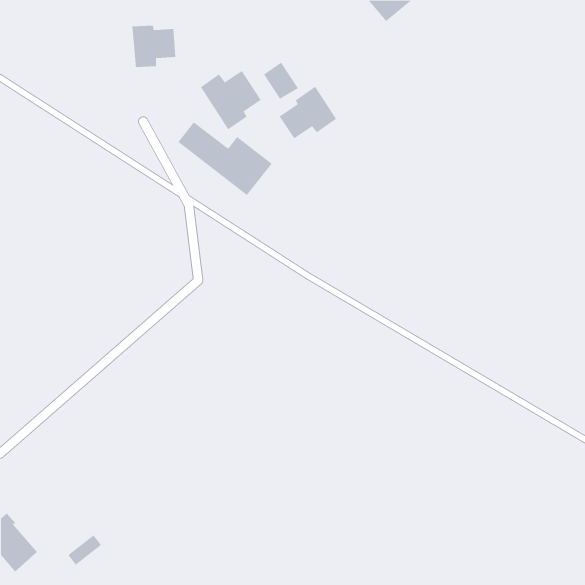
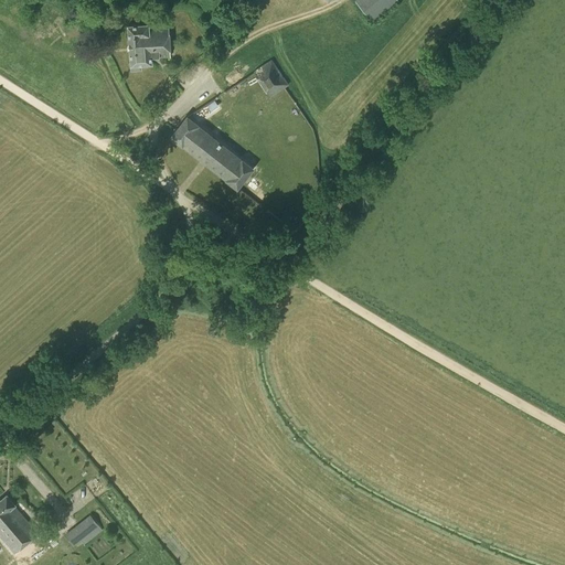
building: [200,70,261,130] -> none
building: [279,86,337,139] -> none

